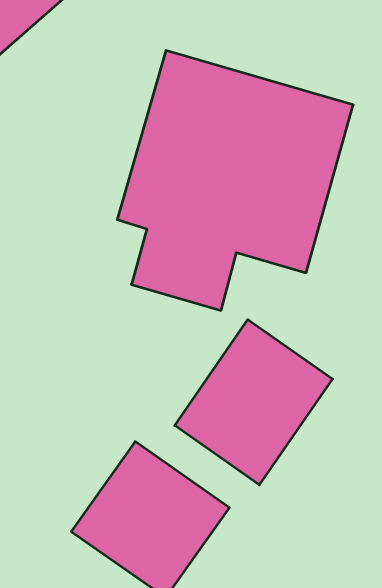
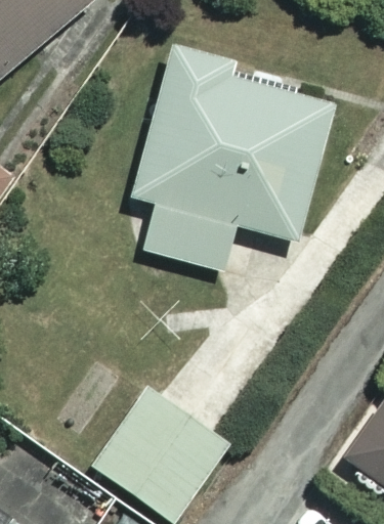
building: [175,320,333,485] -> none

